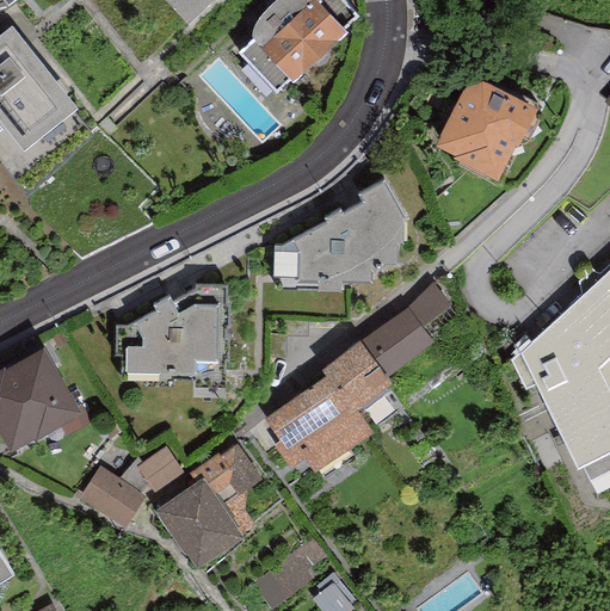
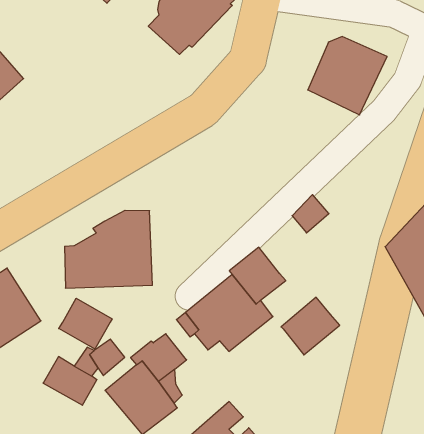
building: [273,181,403,291] -> none
building: [358,304,432,376] -> [281,297,340,355]
building: none -> [59,298,112,349]

